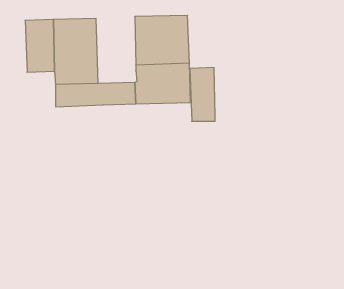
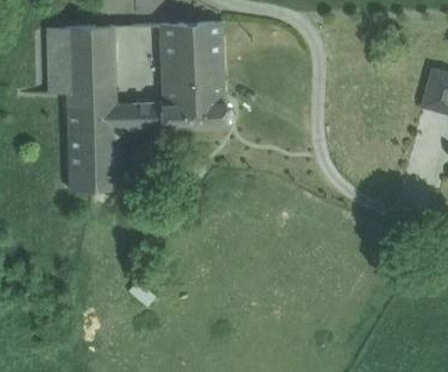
building: [190,68,215,121] -> [132,24,162,87]
building: none -> [68,127,124,188]

